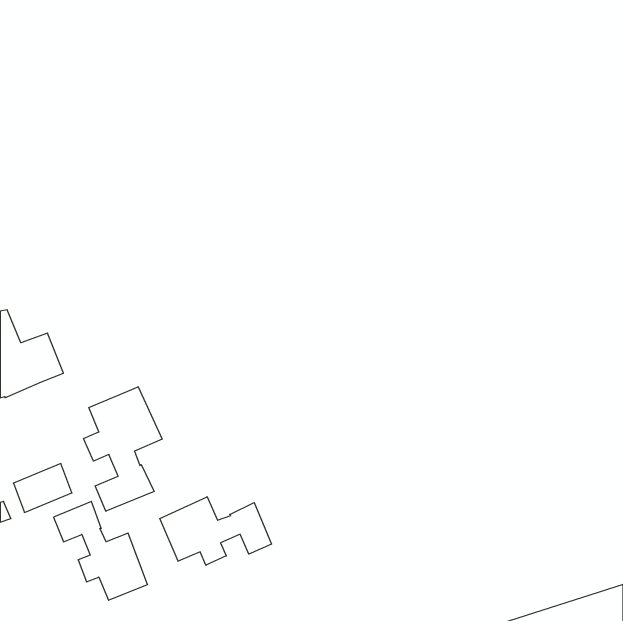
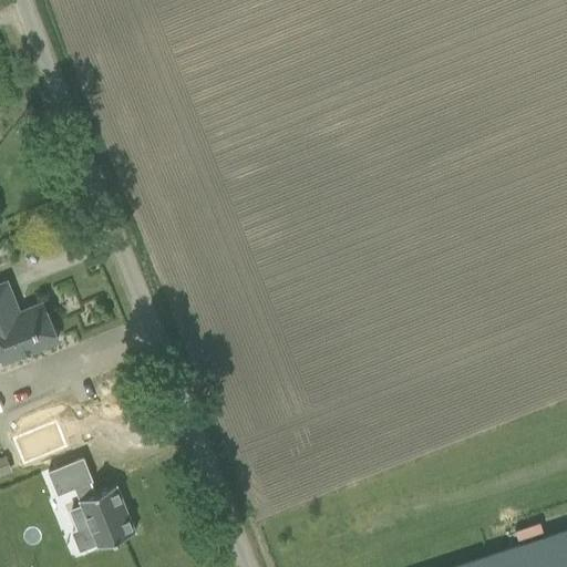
building: [84,387,162,511] -> none
building: [160,497,272,565] -> none

